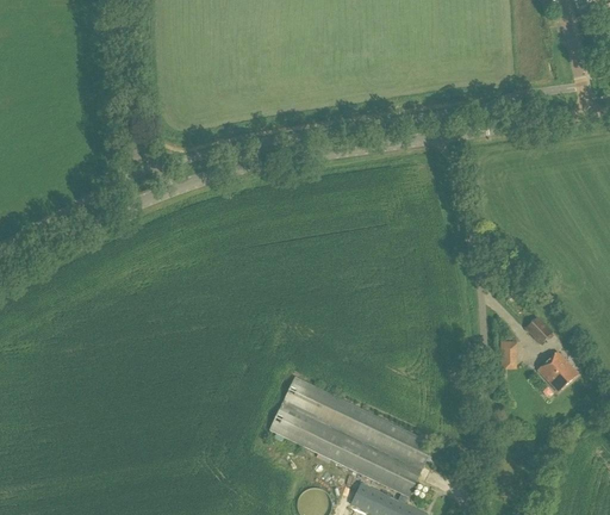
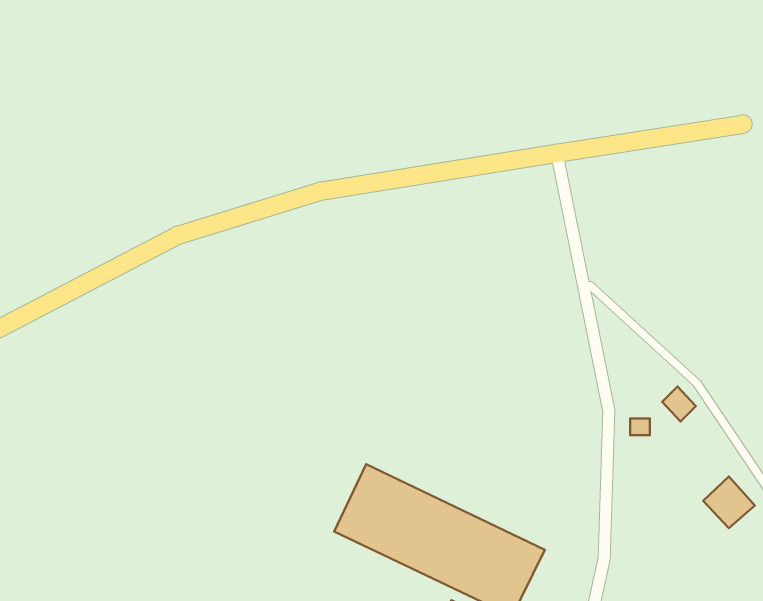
building: [537,352,578,392] -> [703,476,755,528]

